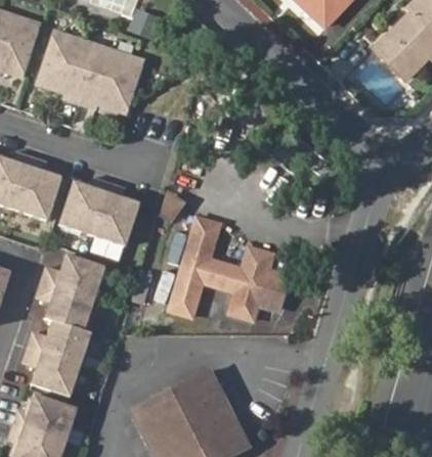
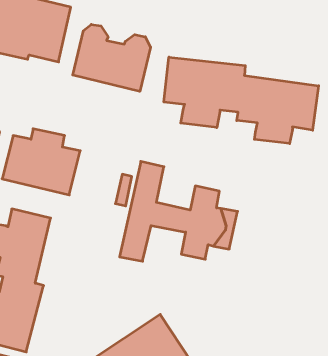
building: none -> [73,24,151,91]
building: none -> [164,57,319,144]

